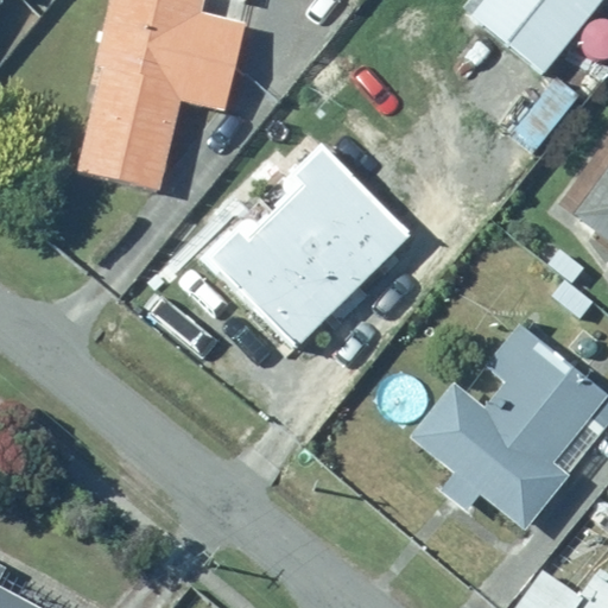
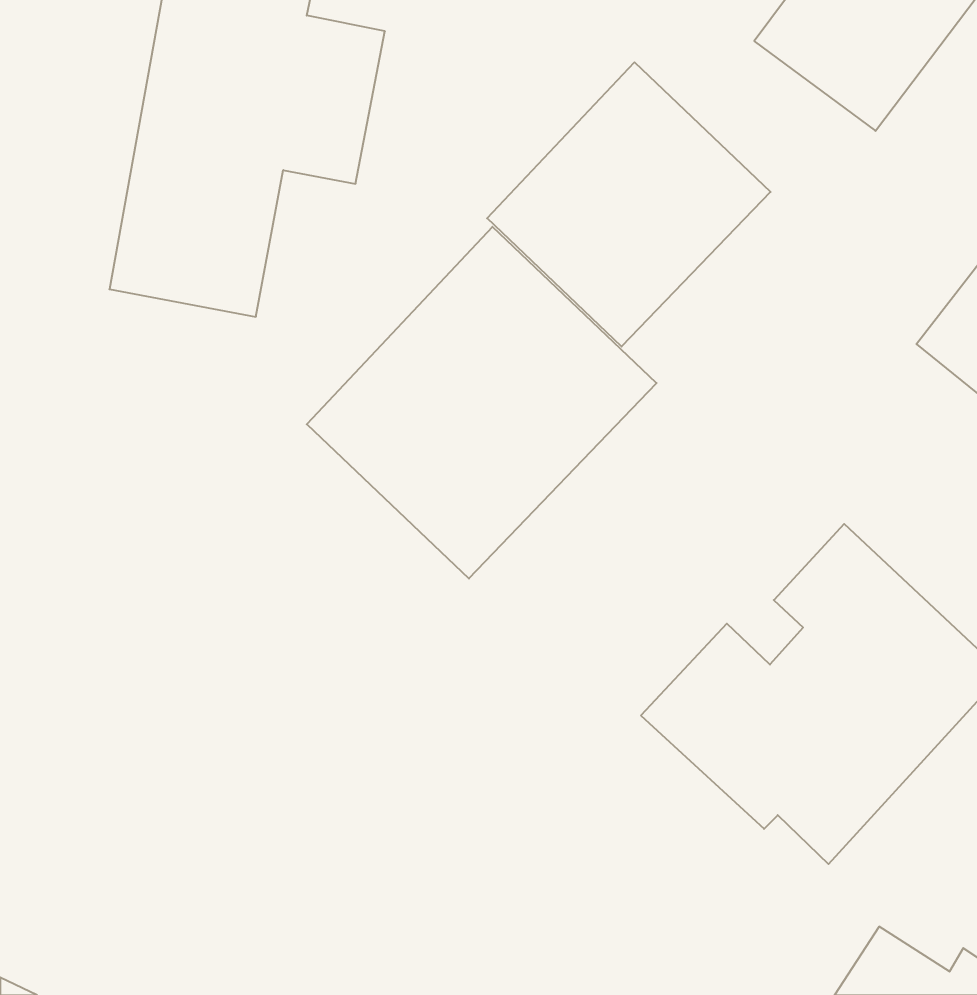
building: none -> [487,62,771,347]

